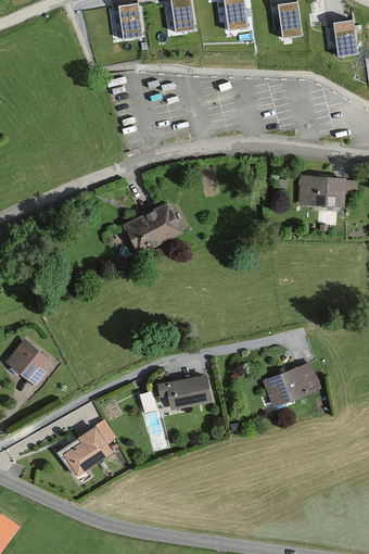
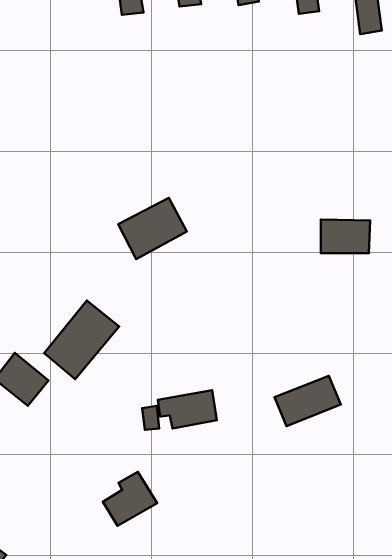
building: [298,176,343,206] -> [321,219,370,253]
building: none -> [44,301,119,379]
building: [63,425,112,474] -> [103,472,157,526]

